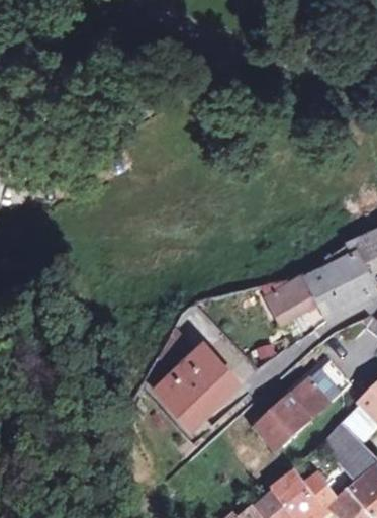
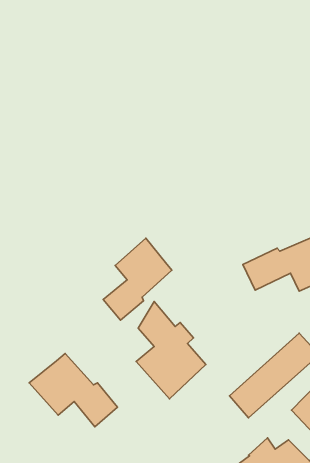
building: none -> [103,238,172,320]
building: none -> [29,354,118,427]

